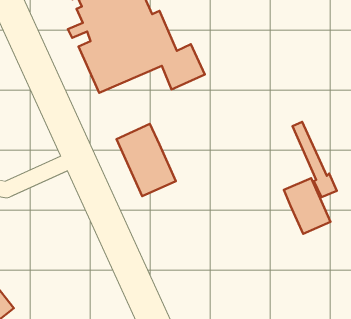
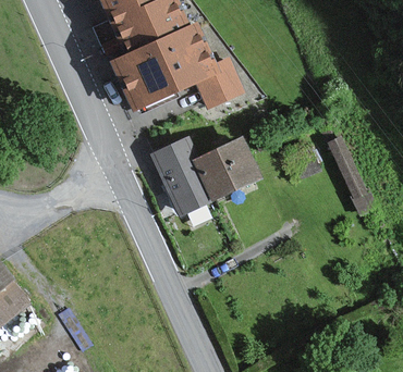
building: none -> [196,138,258,196]
building: [284,178,330,234] -> none

